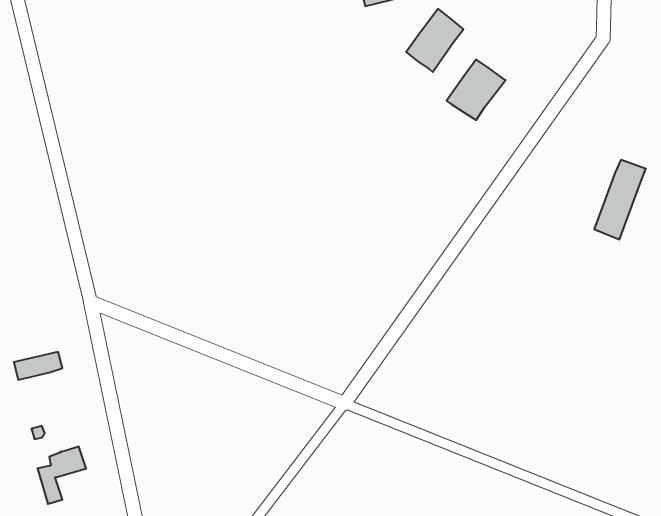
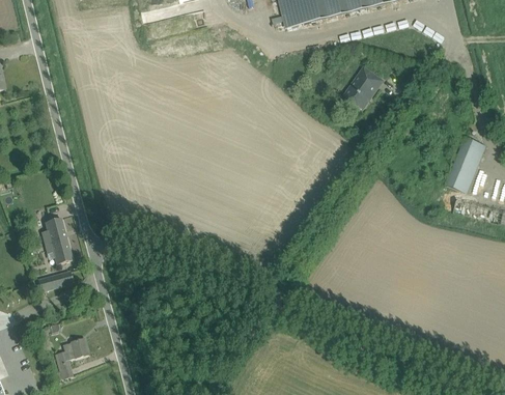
building: [406,9,463,72] -> none
building: none -> [41,218,73,263]

